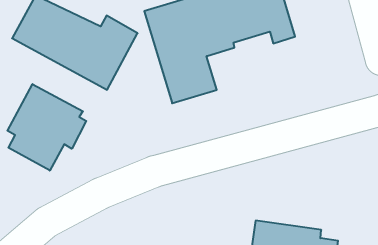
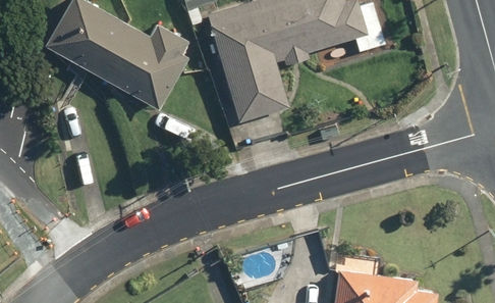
building: [7,84,86,171] -> none

